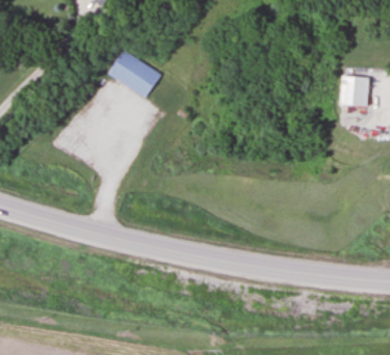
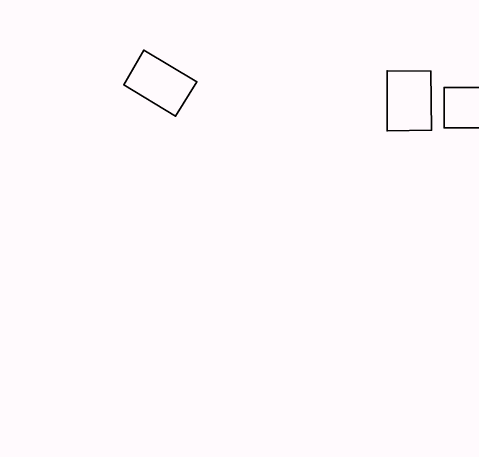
building: none -> [387,71,432,131]

